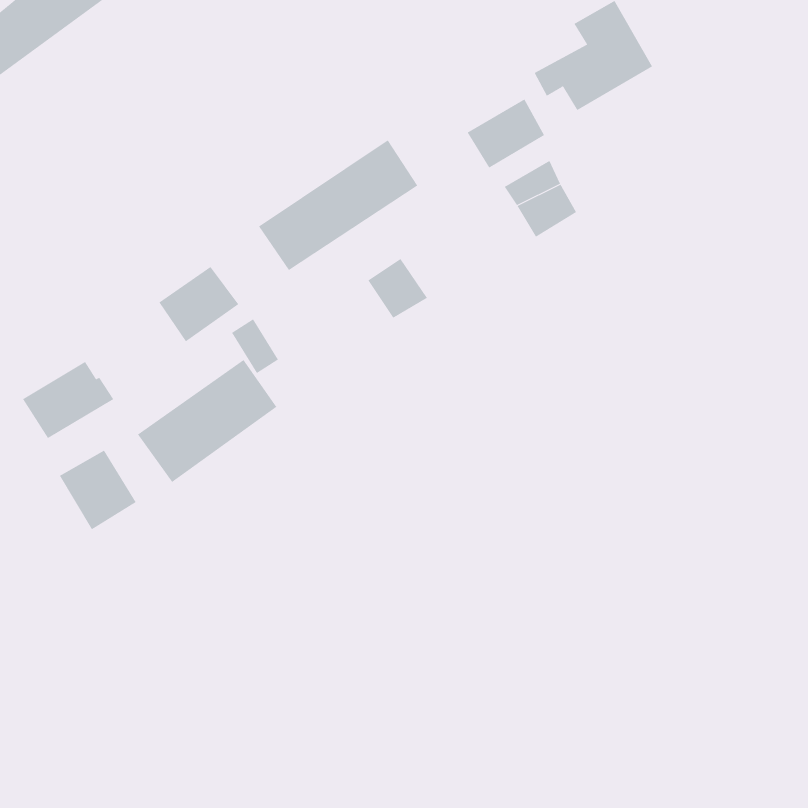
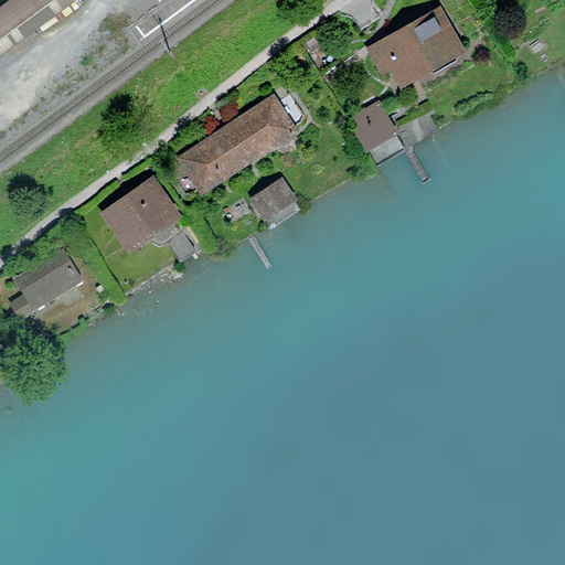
building: [467,98,545,169] -> none
building: [137,359,277,483] -> none
building: [59,450,136,530] -> none

